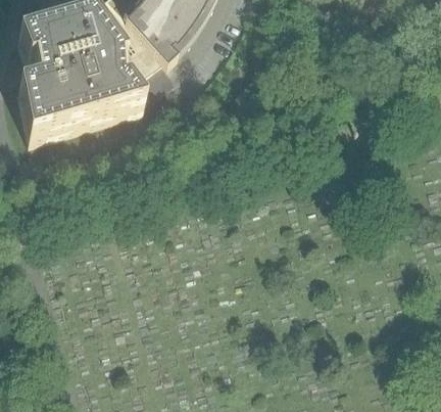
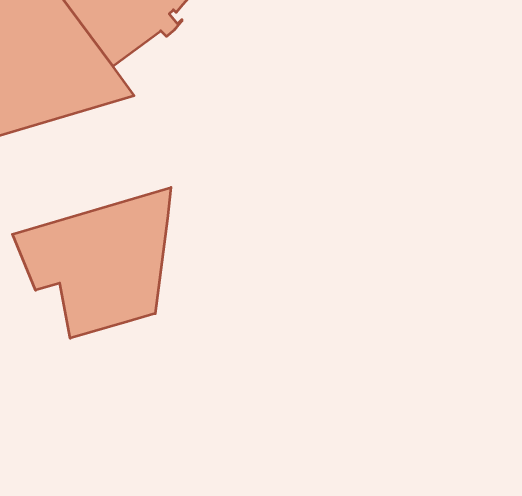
building: none -> [12,187,171,338]

